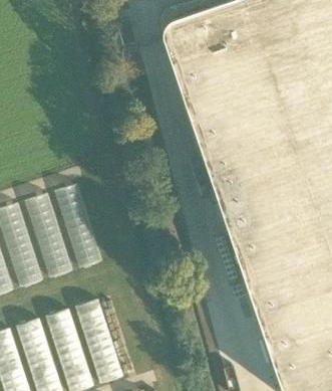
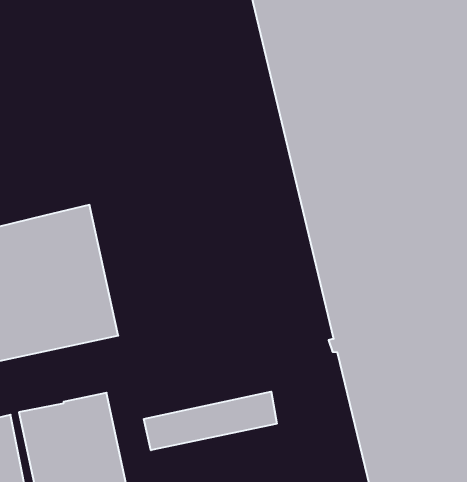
building: none -> [144,392,277,450]

